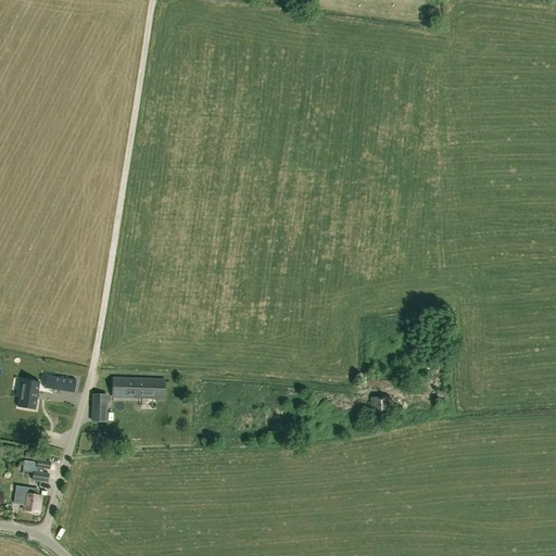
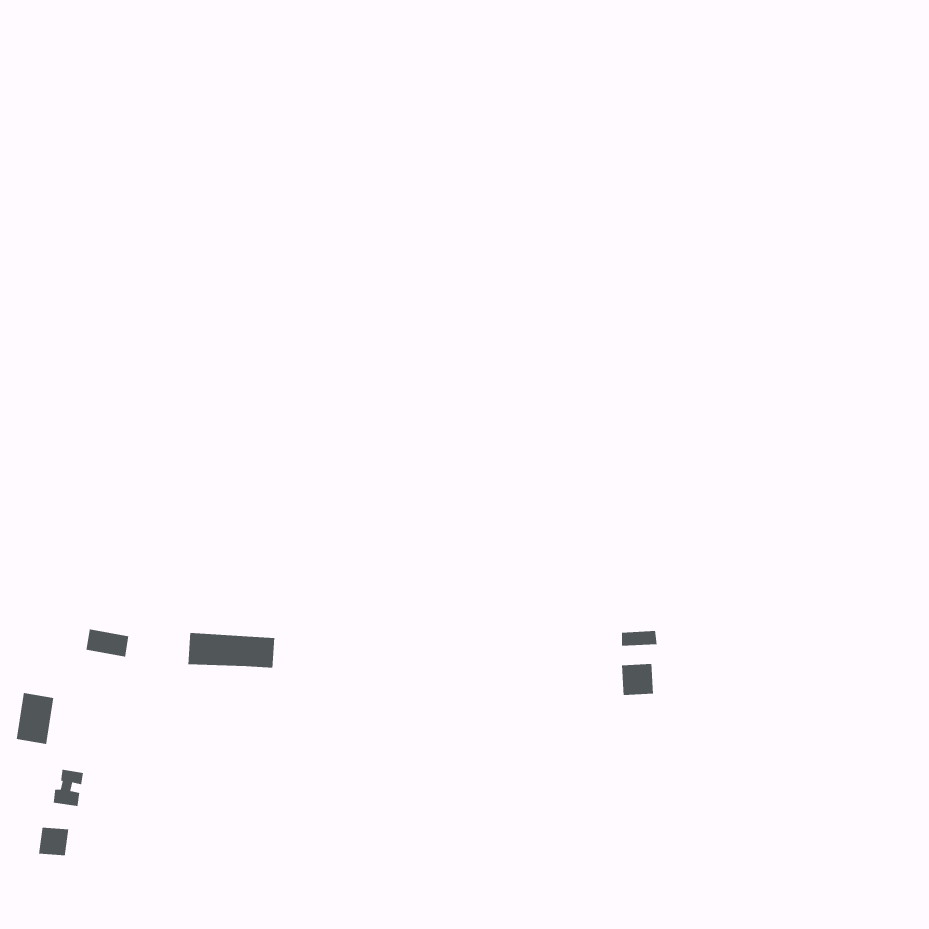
building: [16,378,39,409] -> [16,692,54,745]
building: [90,393,106,421] -> none

